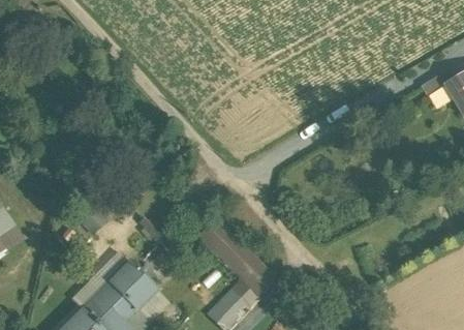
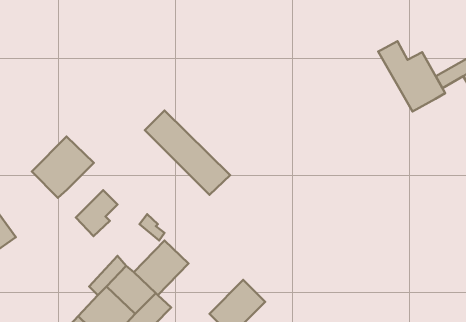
building: none -> [378,41,445,111]
building: none -> [32,136,94,198]
building: [196,218,277,298] -> [145,110,230,195]

